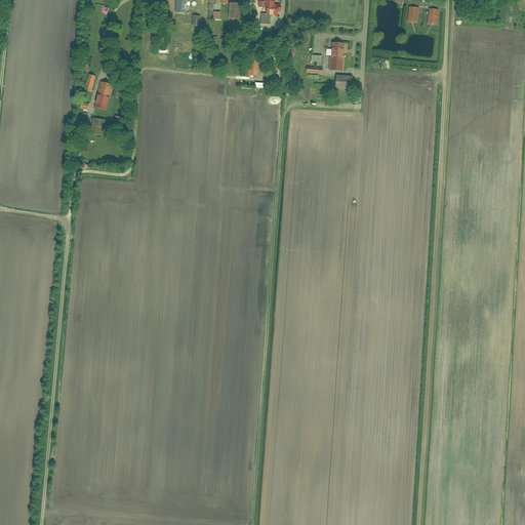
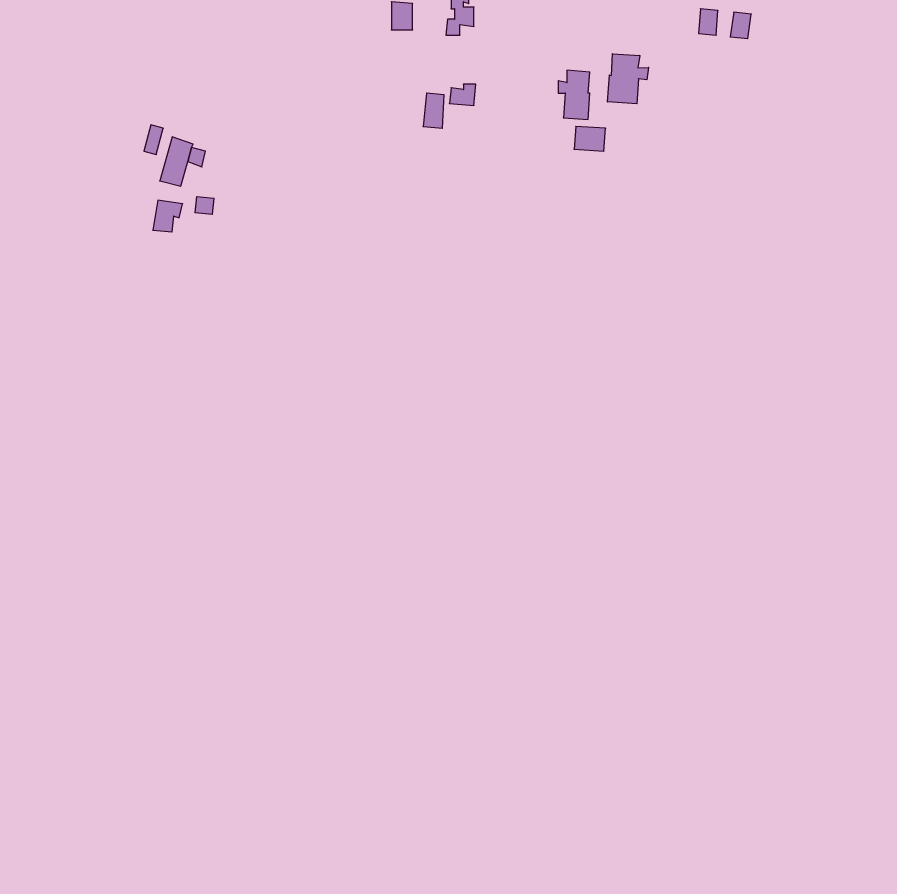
building: none -> [608,54,649,104]

